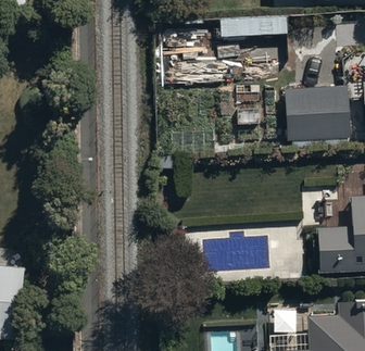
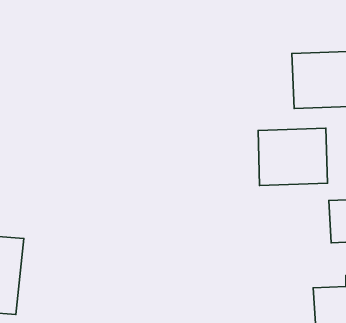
building: none -> [258,128,327,185]

